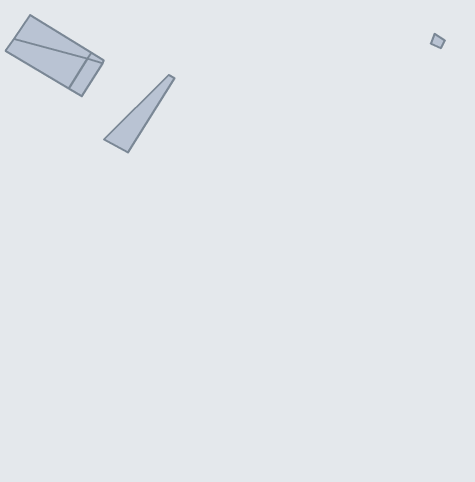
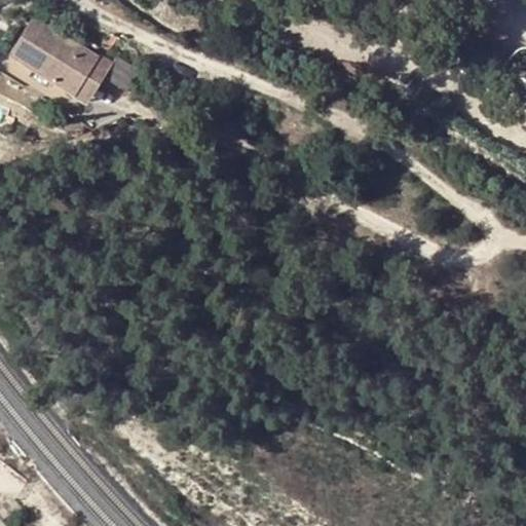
building: [104,75,174,153] -> none

